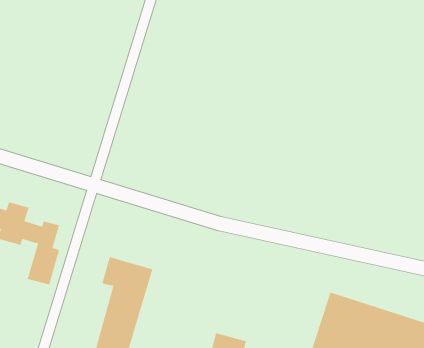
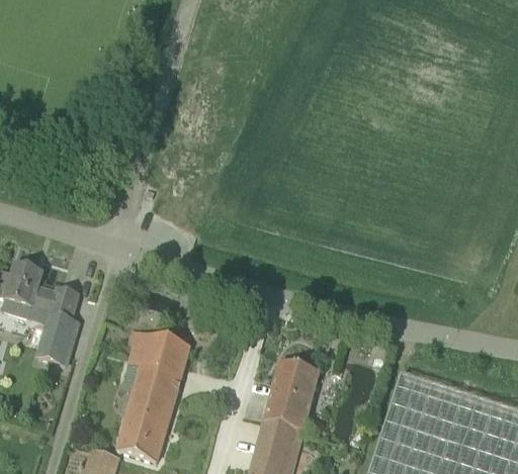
building: none -> [264,361,319,432]

